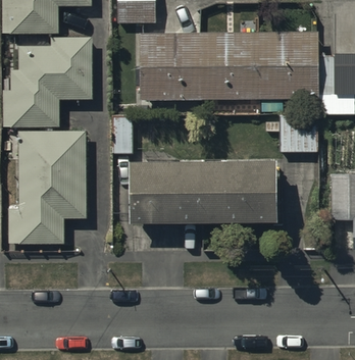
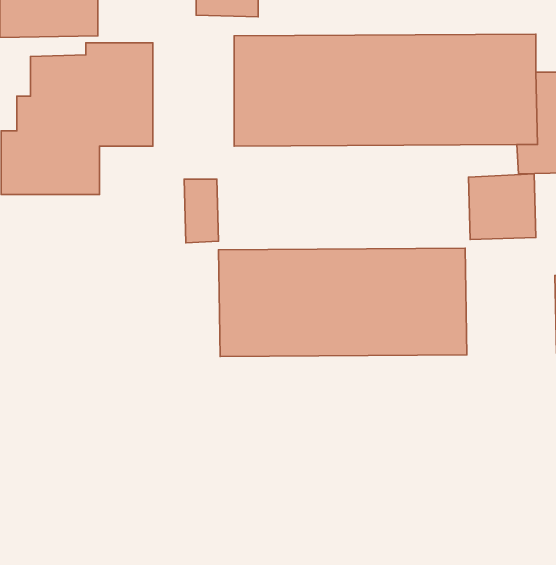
building: [9,132,86,243] -> none

